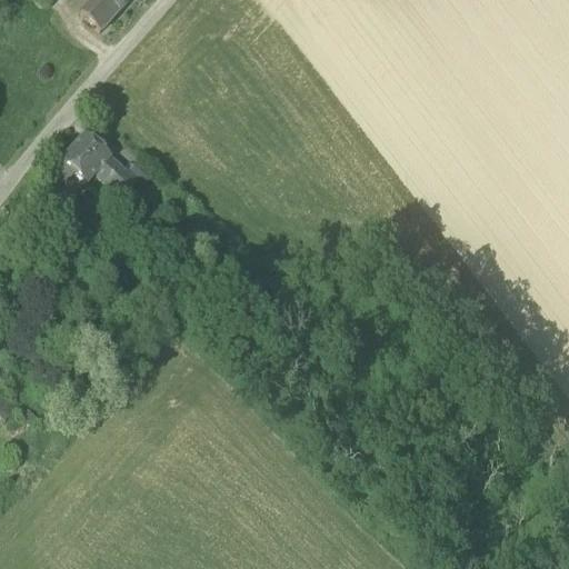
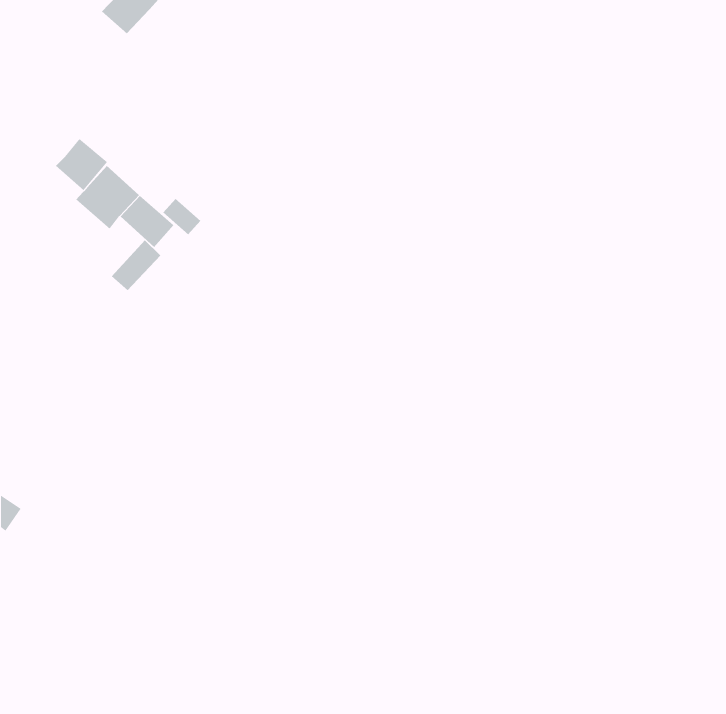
building: none -> [55,138,108,191]
building: none -> [111,240,161,291]

